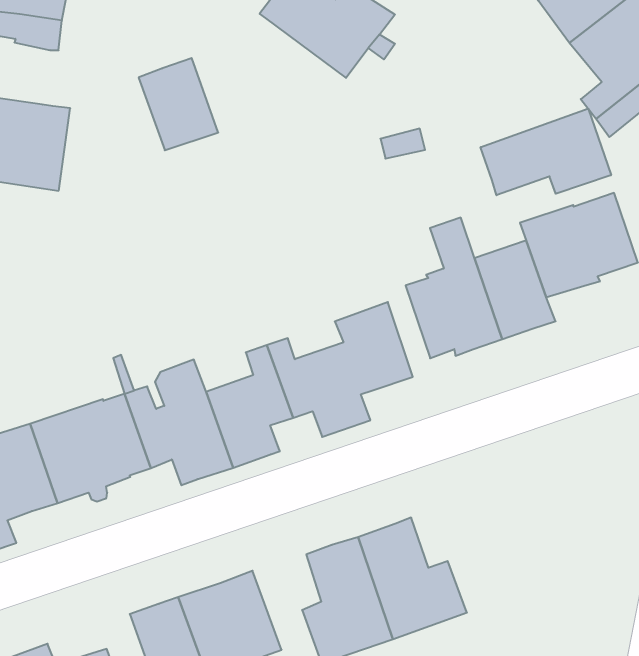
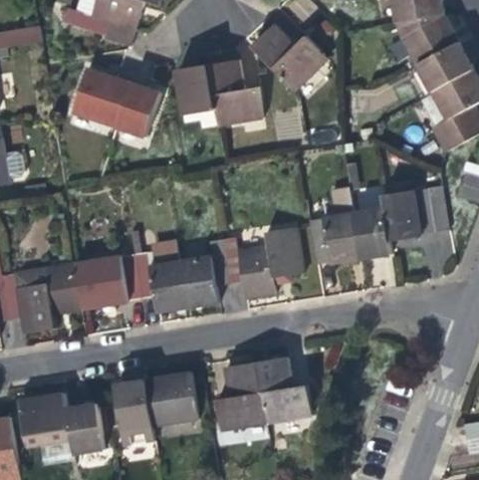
building: none -> [206,59,261,126]
building: none -> [114,81,160,138]
building: [481,109,611,195] -> none

